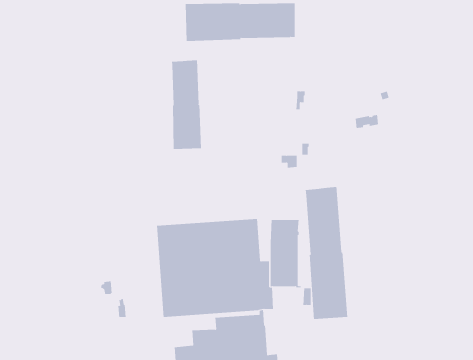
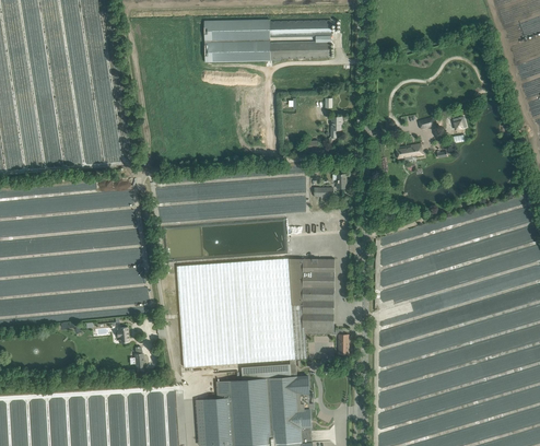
building: [172,60,201,150] -> none
building: [305,186,348,320] -> none

